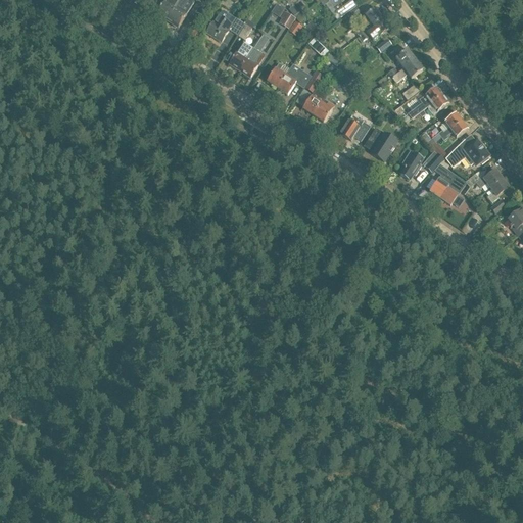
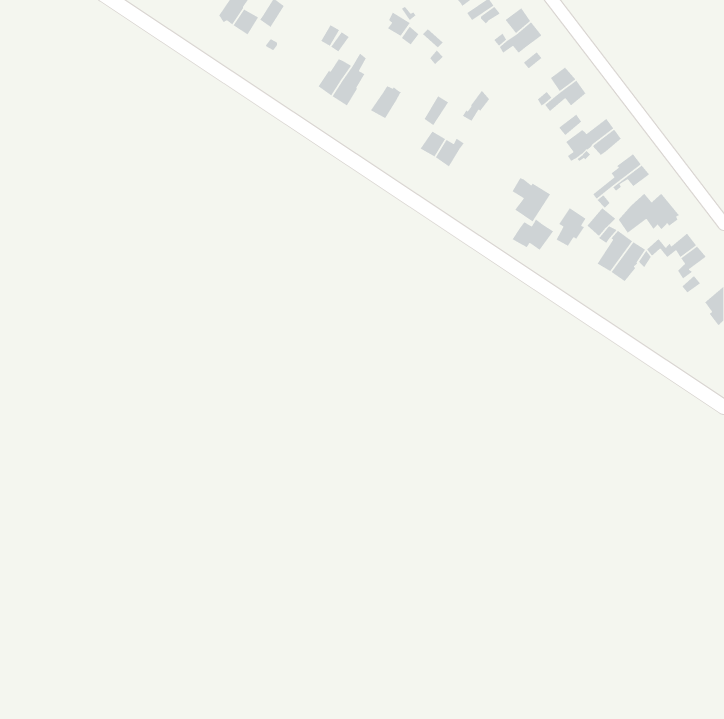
building: [206,13,233,40] -> none
building: [278,65,307,93] -> none
building: [340,116,371,140] -> [511,218,554,251]

